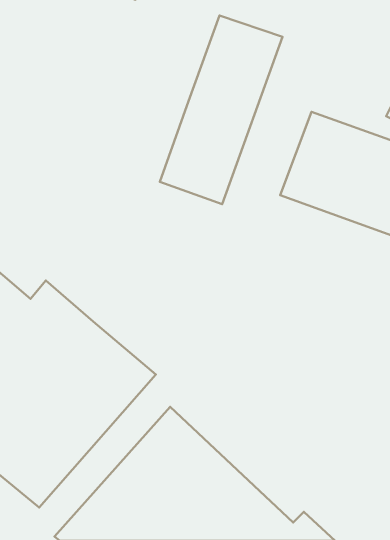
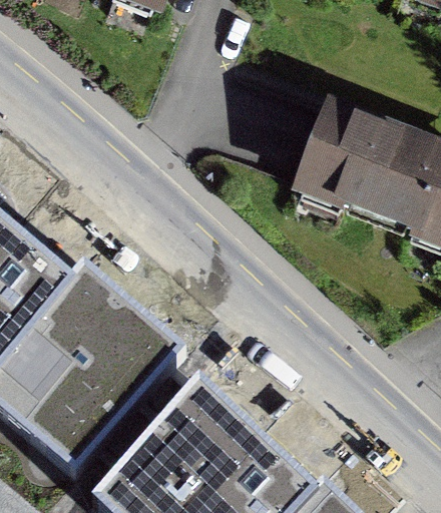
building: [160,15,283,204] -> none

